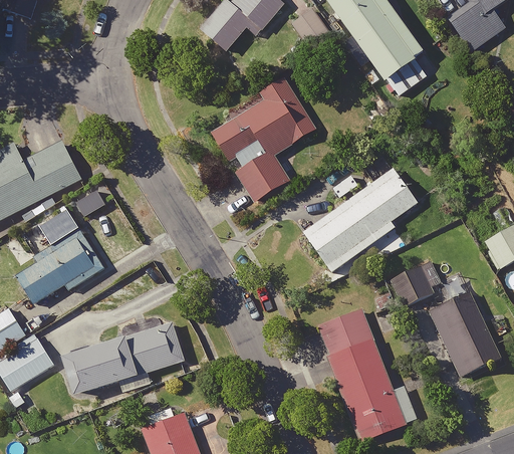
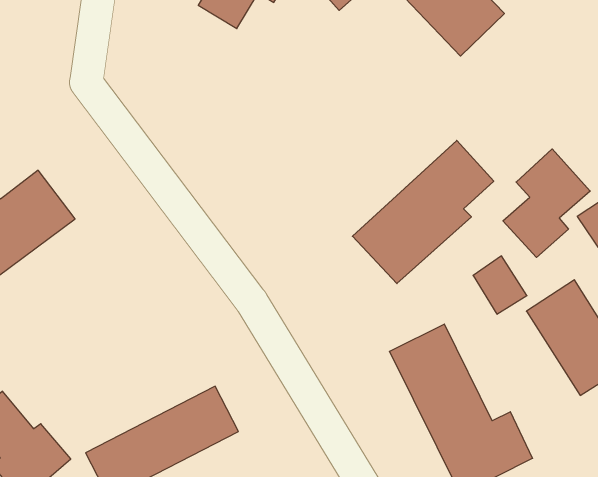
building: [215,83,319,196] -> none
building: none -> [503,149,590,257]
building: [19,208,108,305] -> none

